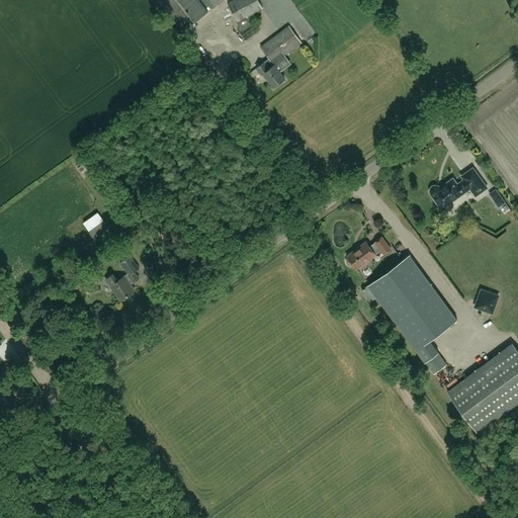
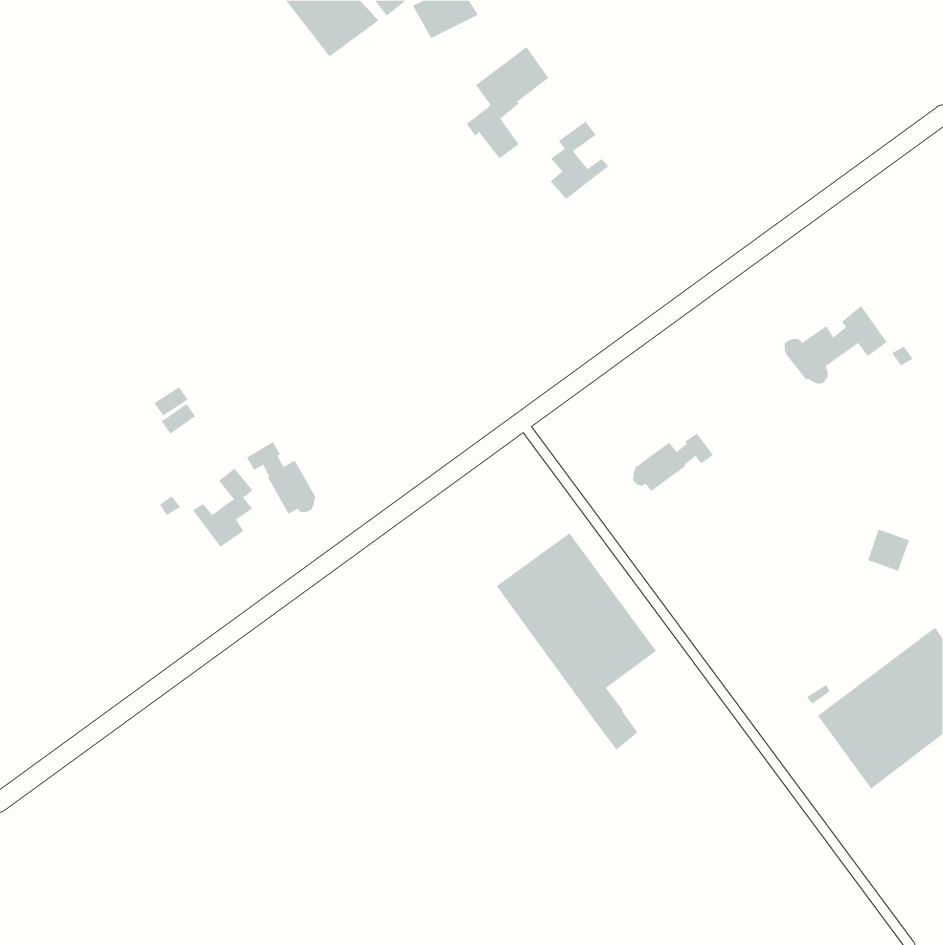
building: none -> [550,121,609,200]
building: none -> [246,441,316,515]
building: [368,255,456,374] -> [496,532,657,751]

